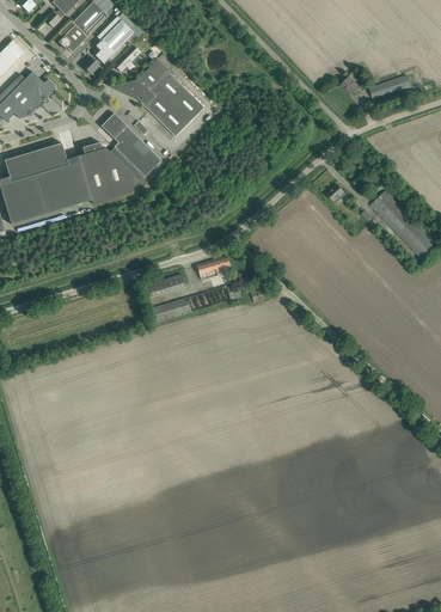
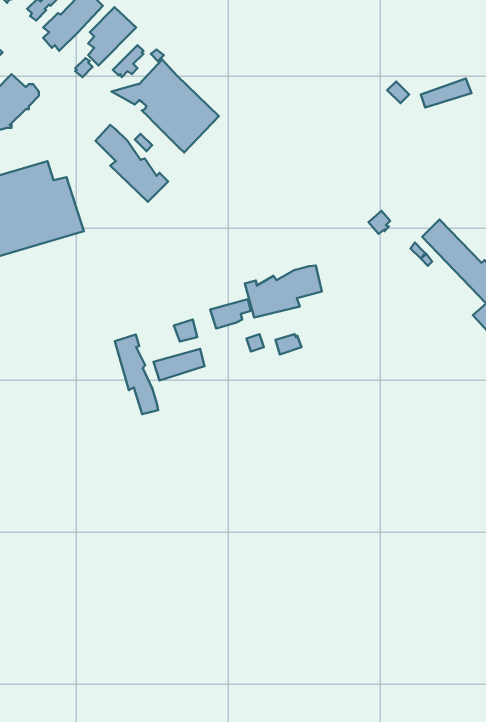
building: [78,141,145,203] -> none
building: none -> [245,266,322,317]
building: none -> [115,335,158,414]

